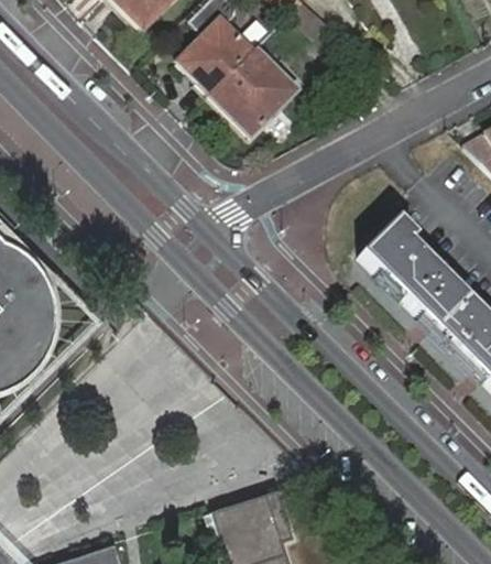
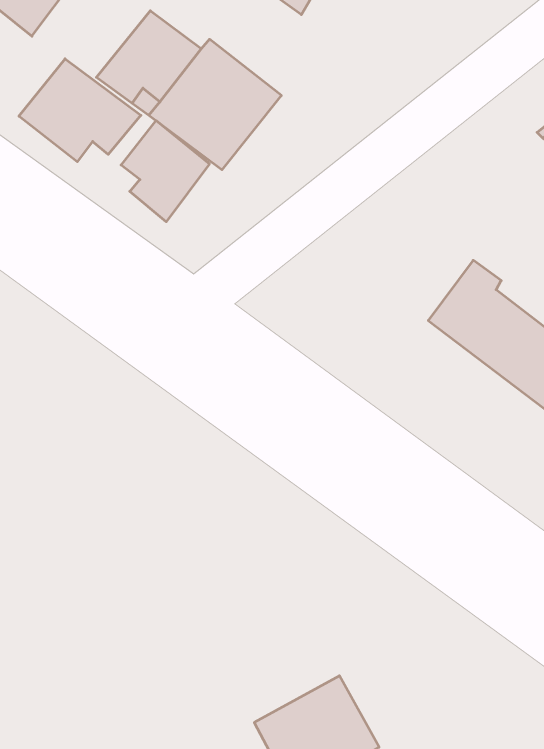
building: none -> [19,59,141,162]
building: none -> [121,121,209,222]

